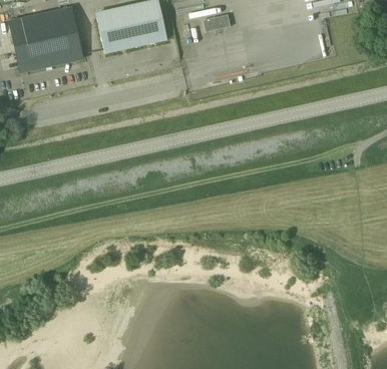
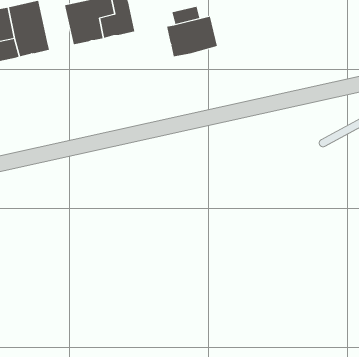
building: none -> [166,16,217,57]

